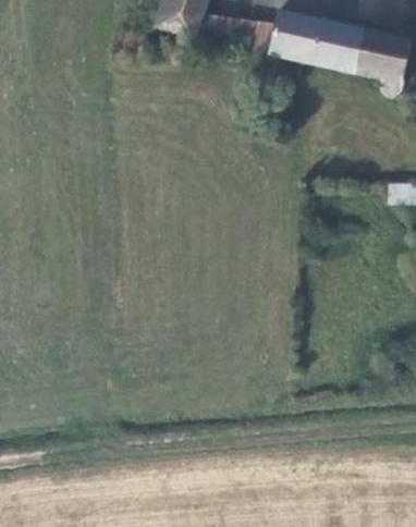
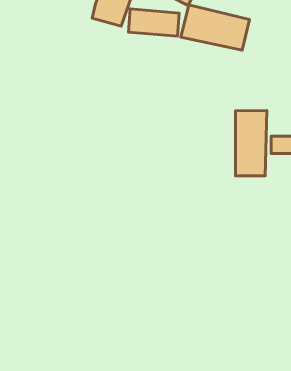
building: [350,29,408,98] -> none
building: none -> [236,111,267,176]

